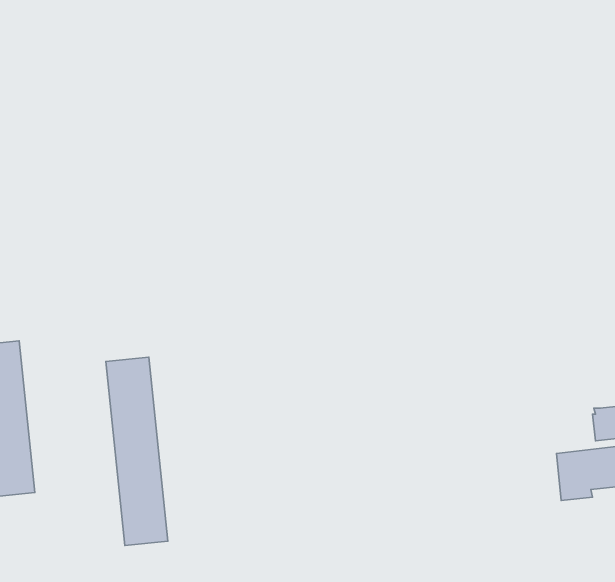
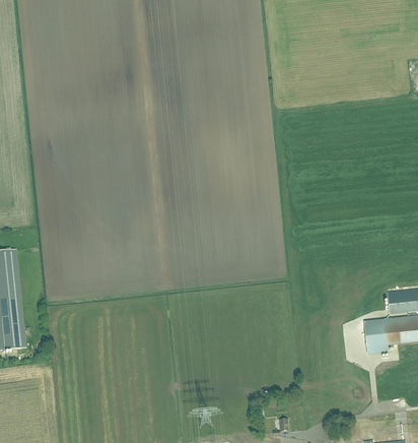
building: [106,357,168,546] -> none

